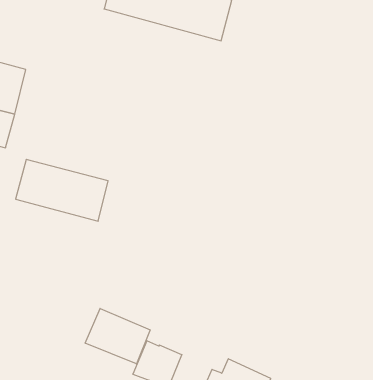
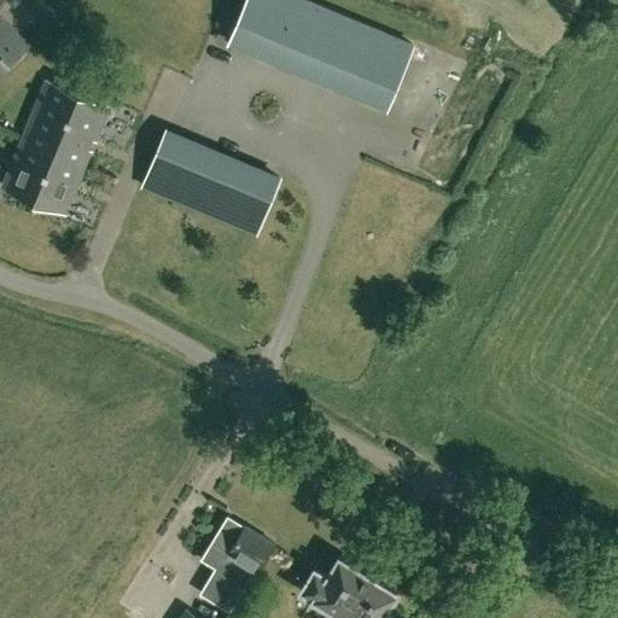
building: [16,159,108,221] -> [142,134,278,235]
building: [85,308,150,364] -> none

